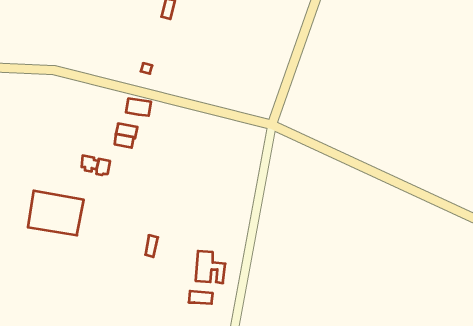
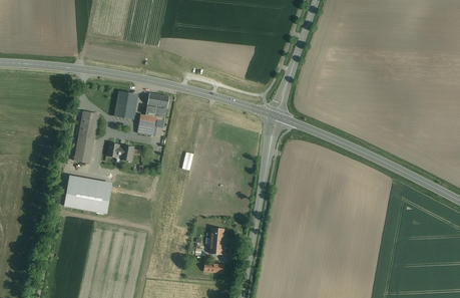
building: none -> [114,91,134,119]
building: none -> [74,112,98,164]

